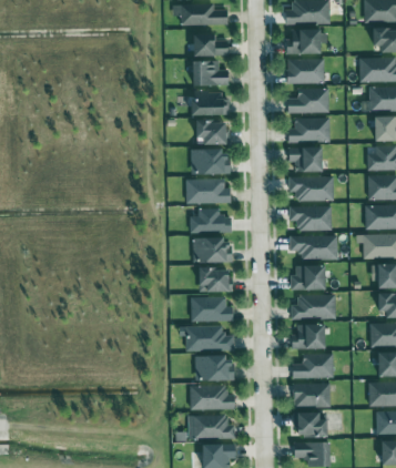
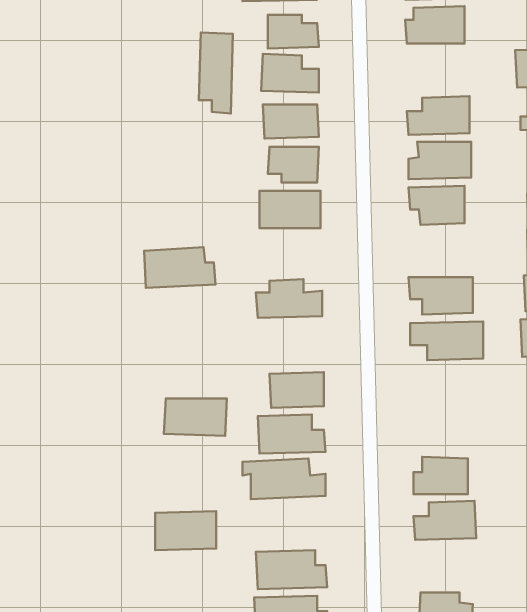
building: none -> [199,32,233,114]
building: [286,58,324,83] -> none
building: [288,175,334,201] -> none
building: [185,177,232,204] -> [144,247,215,288]
building: [192,238,233,263] -> [164,398,227,436]
building: [291,265,327,291] -> none
building: [291,294,336,319] -> none
building: [194,356,234,381] -> [155,511,216,550]
building: [293,383,331,407] -> none

